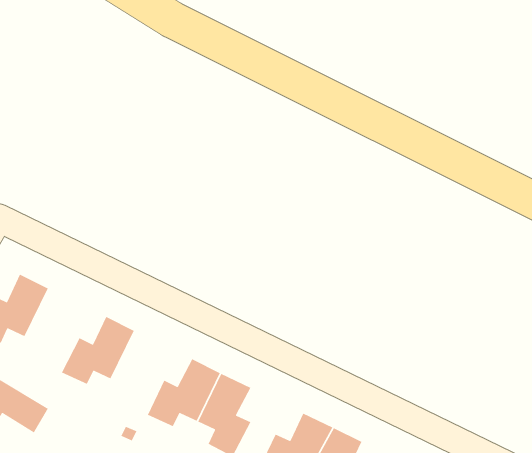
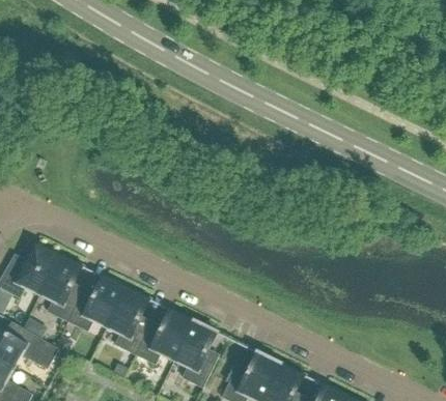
building: none -> [39,255,82,321]
building: none -> [107,288,149,354]

